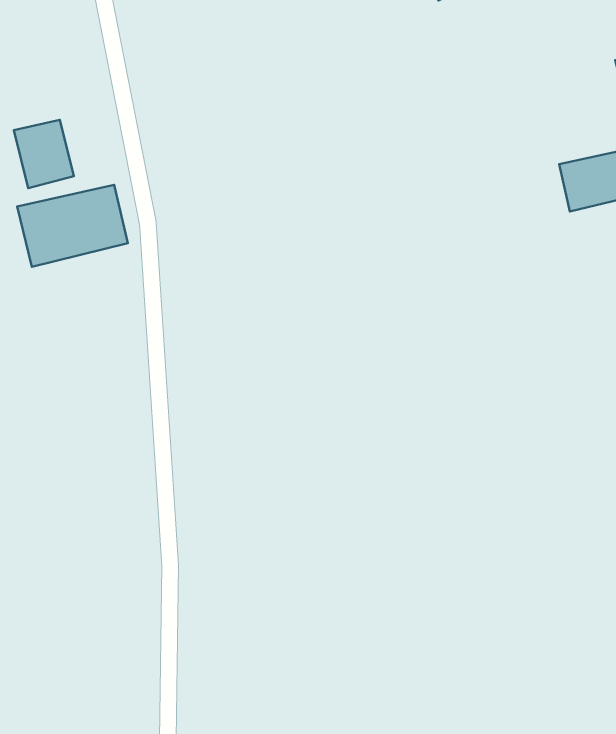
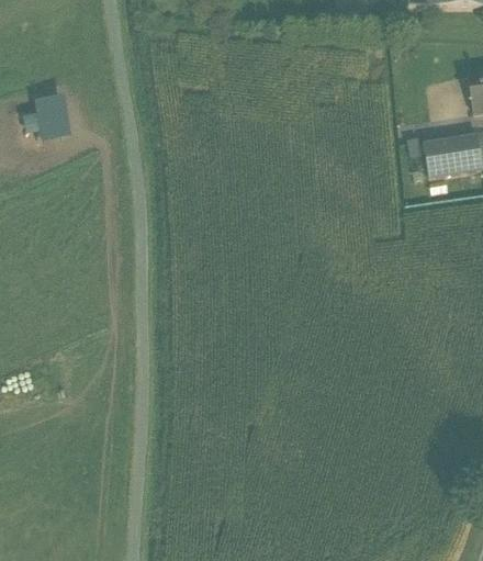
building: [17,185,128,267] -> none

